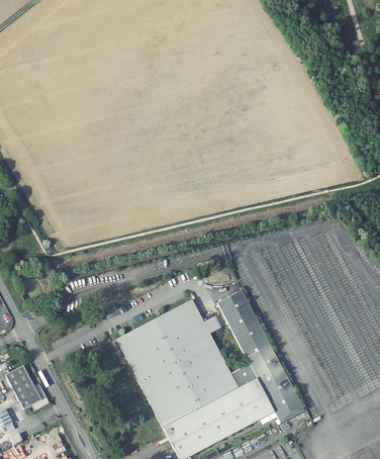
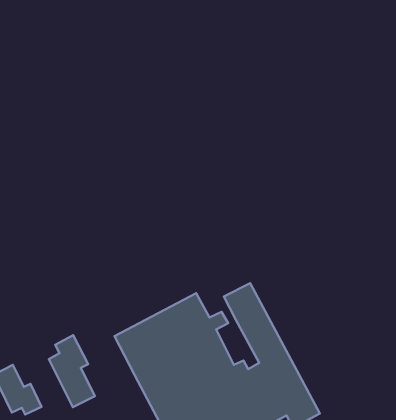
building: none -> [49,335,95,407]

